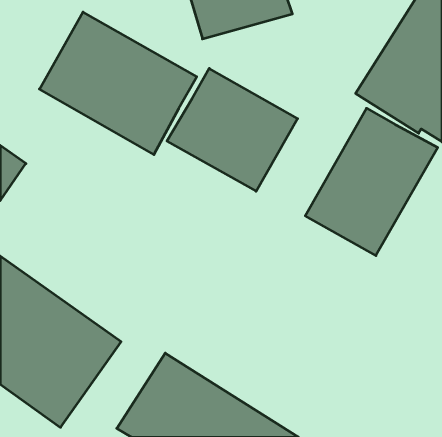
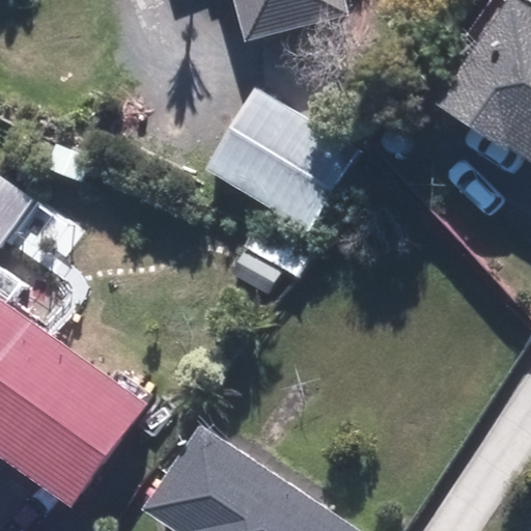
building: [39,12,197,155] -> none
building: [305,108,438,256] -> none

